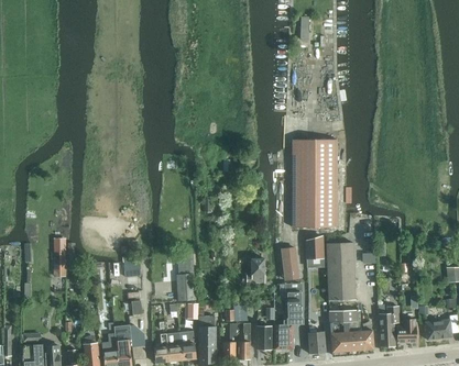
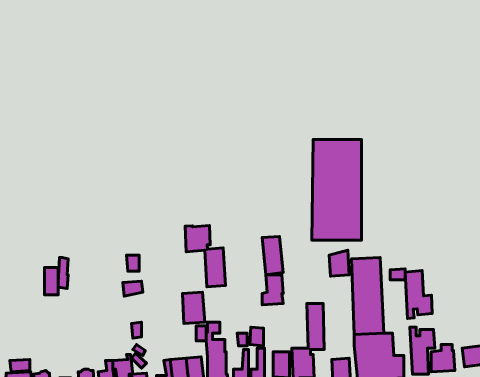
building: none -> [185,225,225,287]
building: [281,247,299,281] -> [262,236,283,275]
building: none -> [405,270,432,318]

